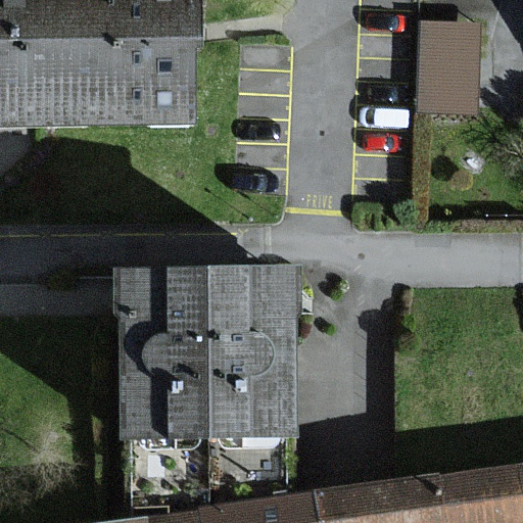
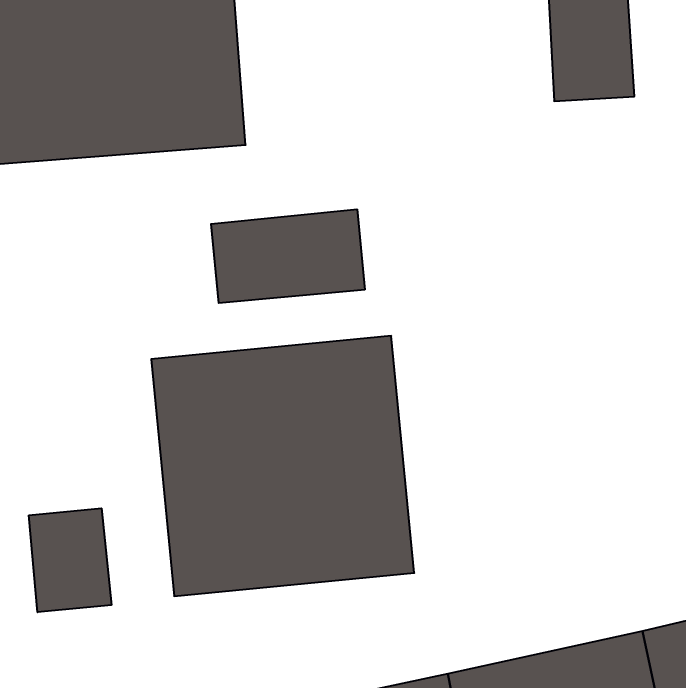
building: none -> [211,209,365,303]
building: none -> [29,508,111,612]

